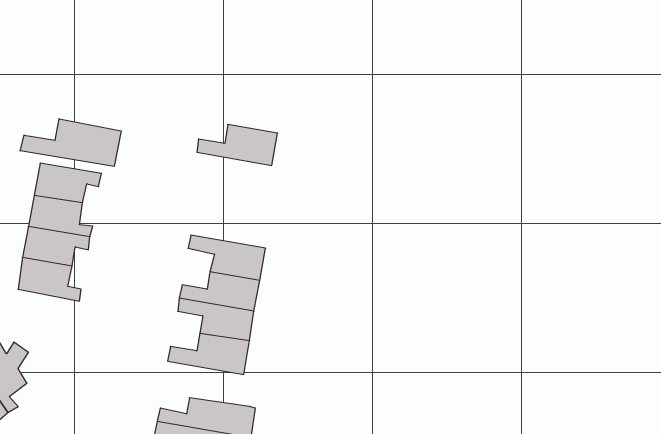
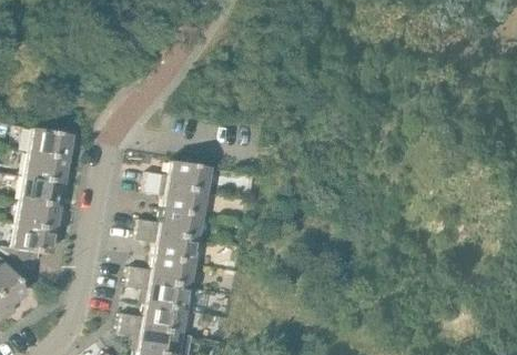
building: [20,119,121,166] -> none
building: [197,124,278,165] -> [148,161,209,192]
building: none -> [12,223,63,265]
building: none -> [129,277,196,312]

